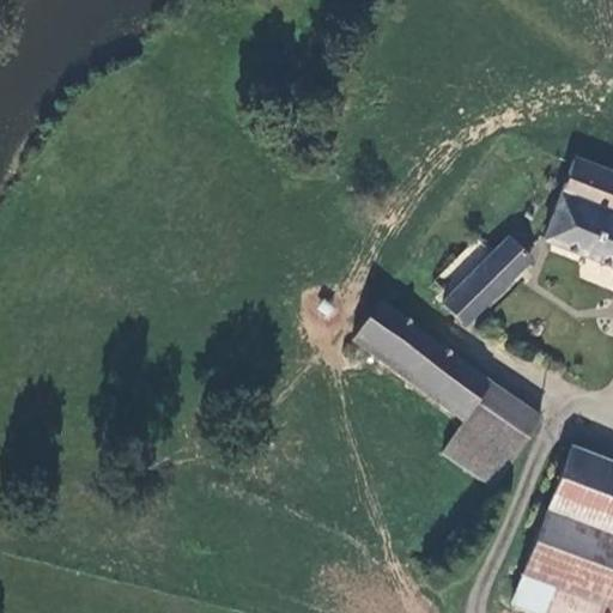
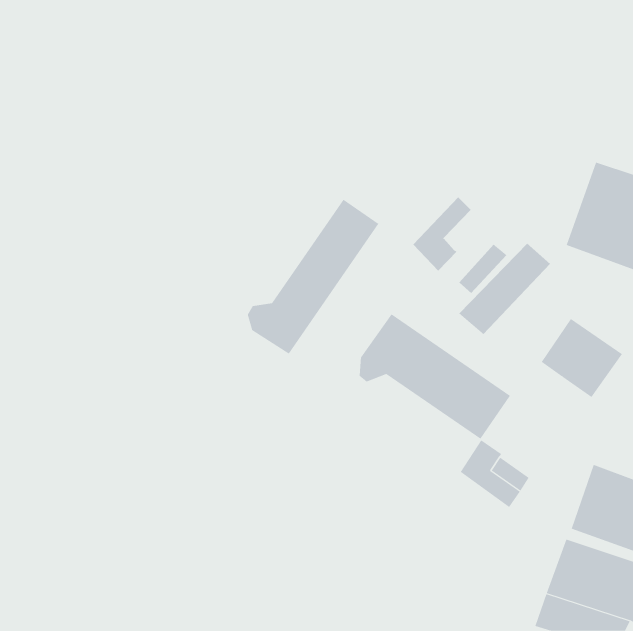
building: none -> [412,196,471,272]
building: none -> [247,199,379,355]
building: [466,381,545,457] -> [541,318,623,398]

